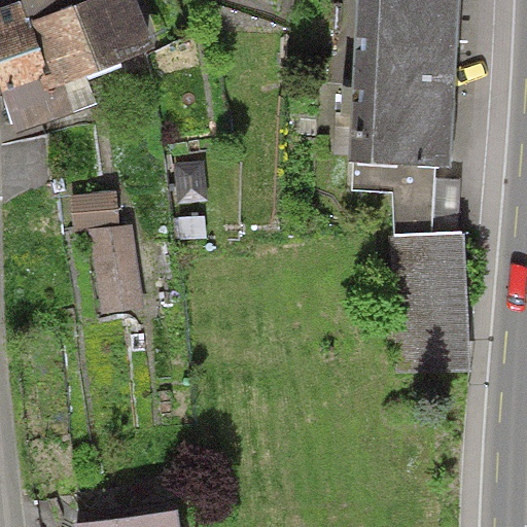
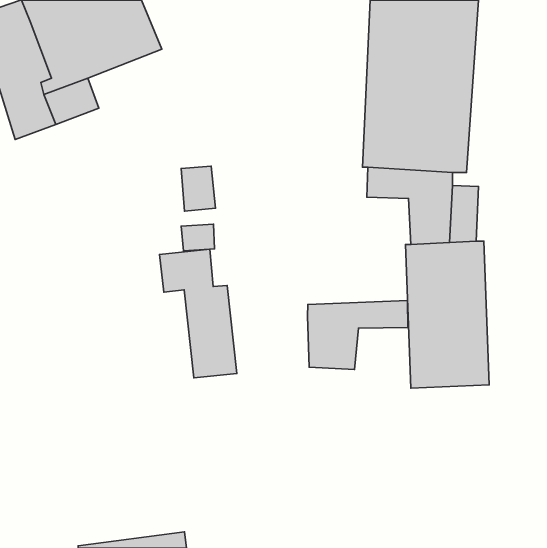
building: [68,189,142,313] -> [160,249,237,378]
building: none -> [307,300,408,369]

